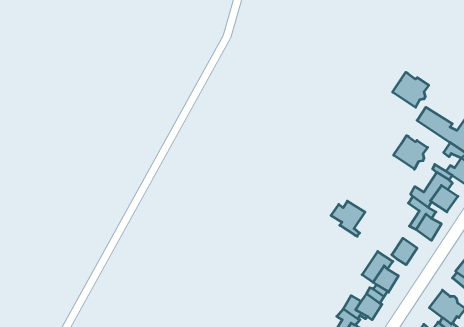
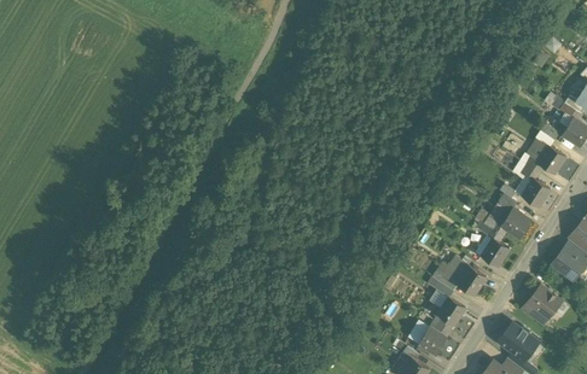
building: [393,72,429,107] -> none
building: [394,136,428,169] -> none
building: [331,201,365,236] -> [432,253,470,292]

